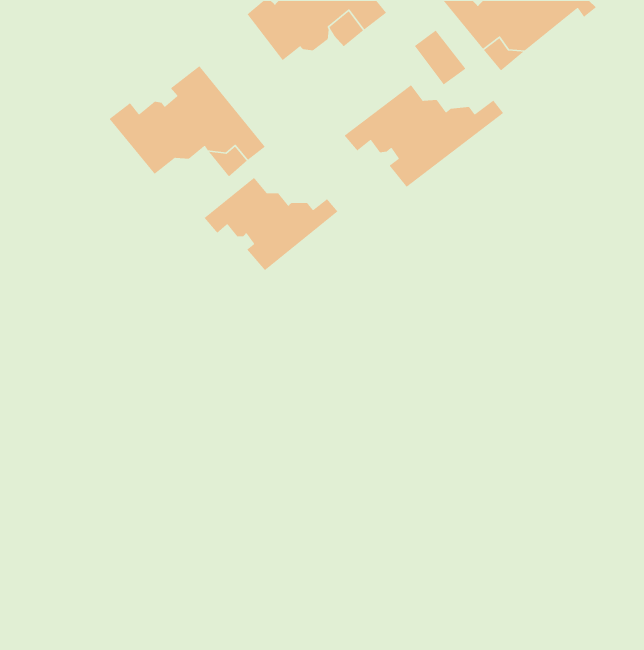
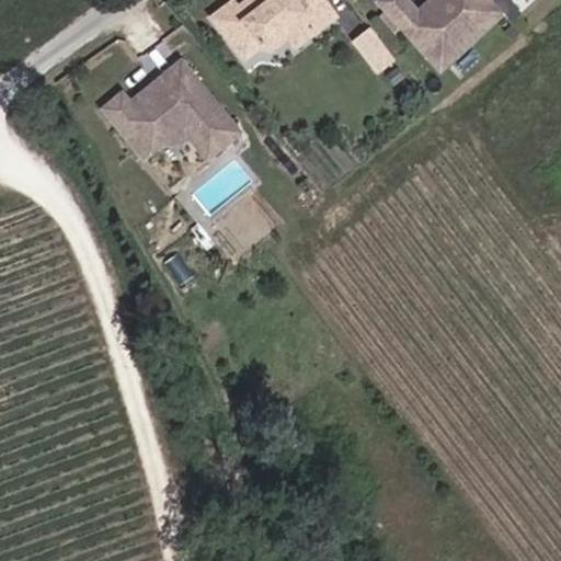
building: [344,84,504,188] -> none
building: [203,177,338,271] -> none

